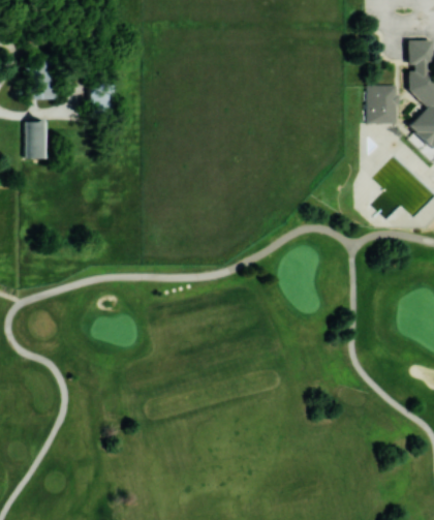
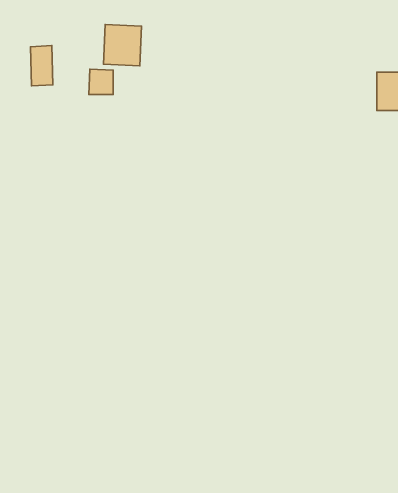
building: none -> [103,25,142,66]
building: [25,120,47,158] -> none

